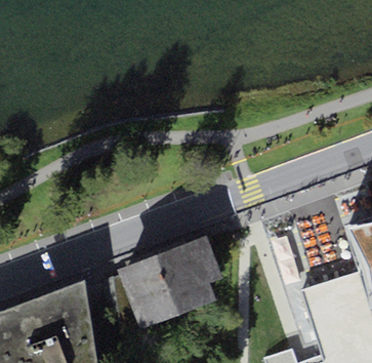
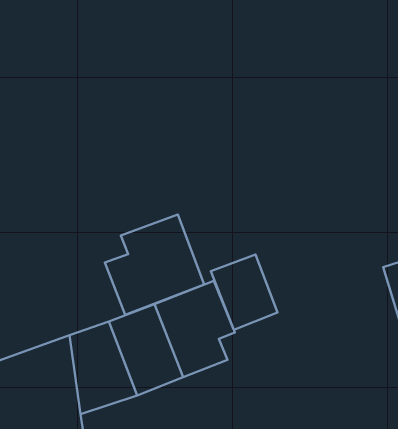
building: none -> [105,215,204,315]
building: none -> [211,254,278,330]

